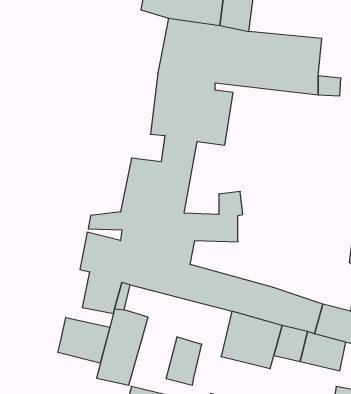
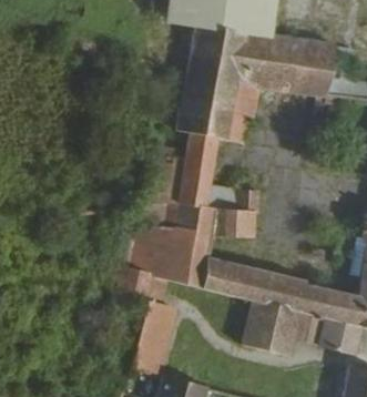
building: [58,317,110,363] -> none
building: [166,337,202,385] -> none

